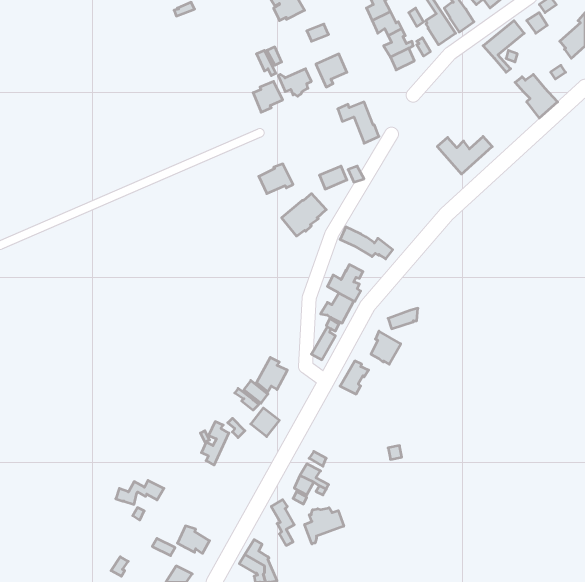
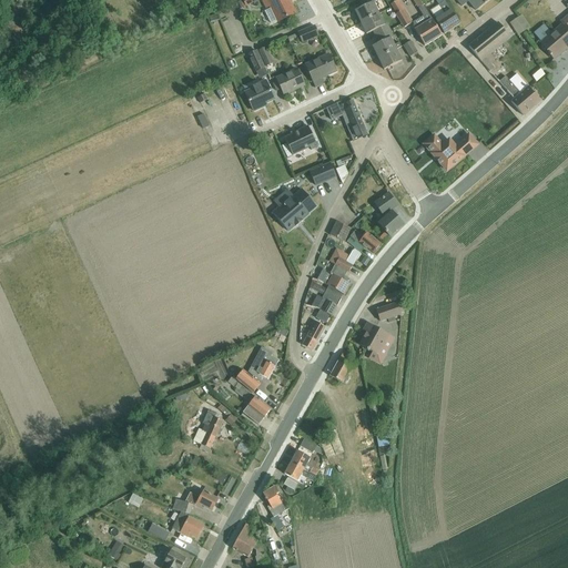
building: [259,164,293,194] -> [284,124,317,153]
building: none -> [374,191,403,234]
building: [116,480,164,504] -> [172,489,219,513]
building: [305,508,344,544] -> none

